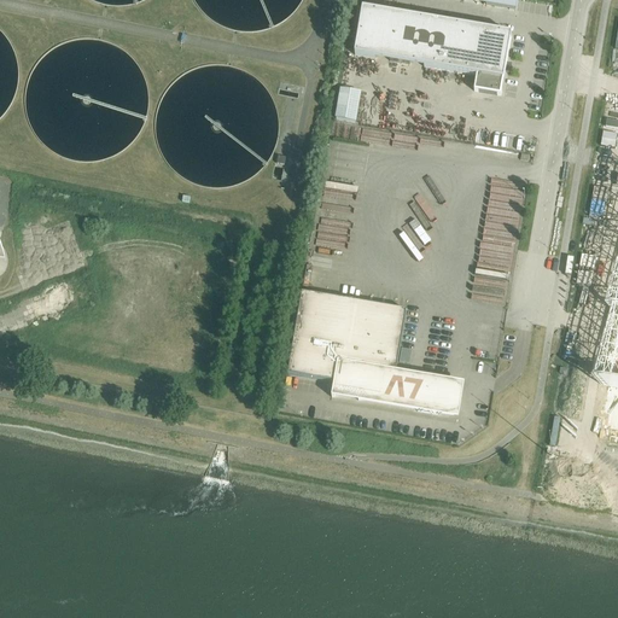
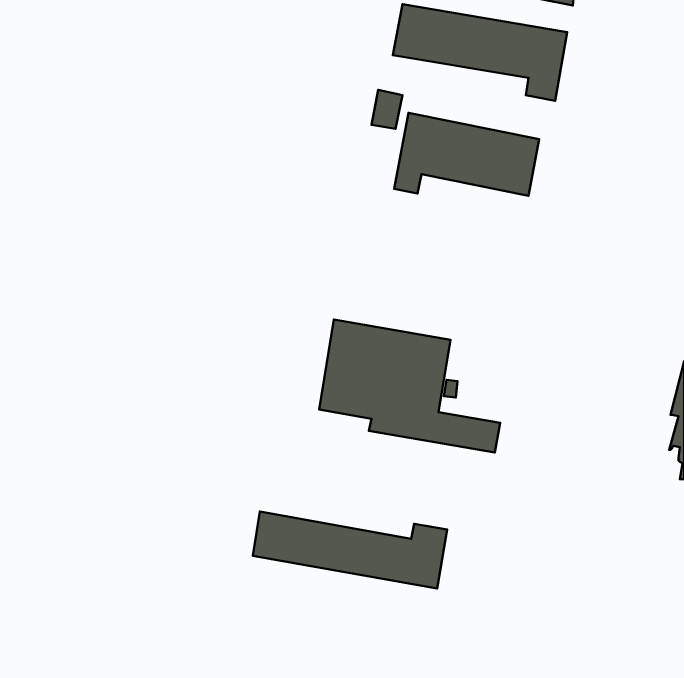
building: none -> [394,113,539,196]
building: none -> [253,512,447,588]

